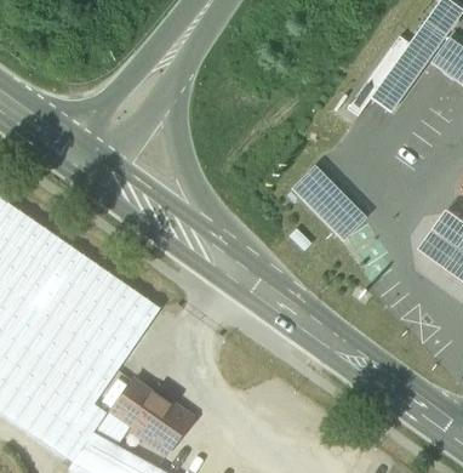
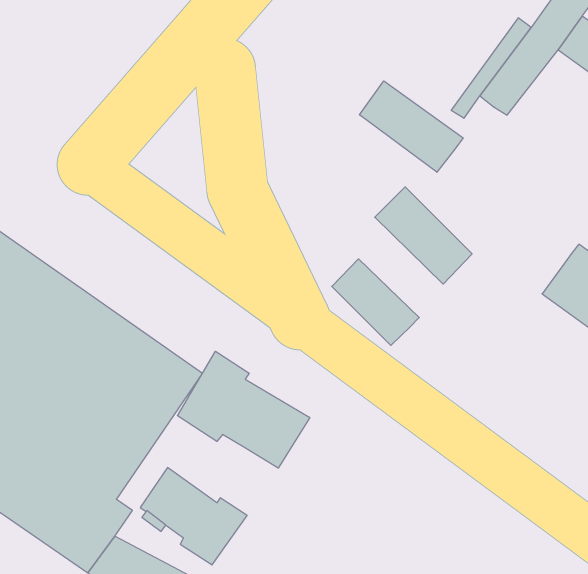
building: none -> [359,81,463,172]
building: none -> [332,259,419,345]
building: none -> [177,351,310,468]

